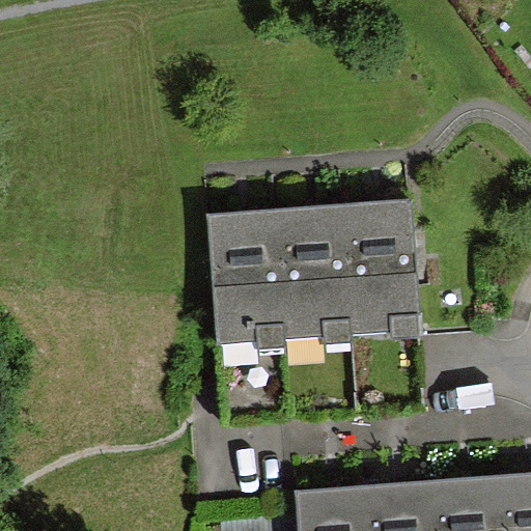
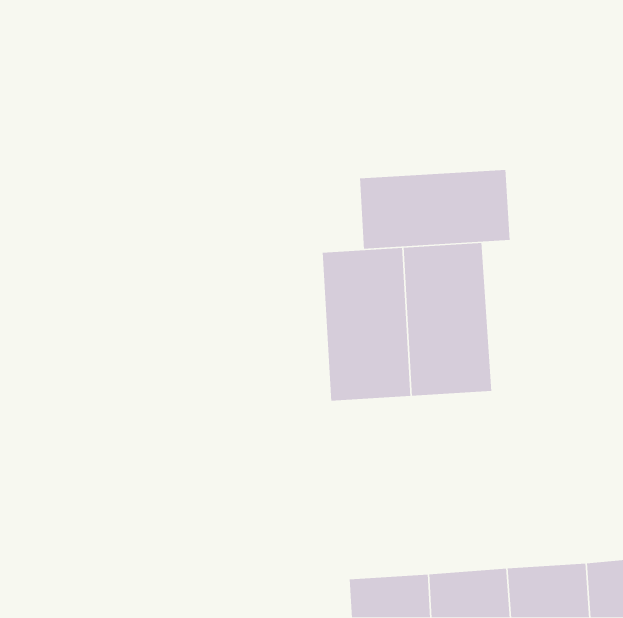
building: none -> [359,169,510,250]
building: [206,214,282,344] -> none

